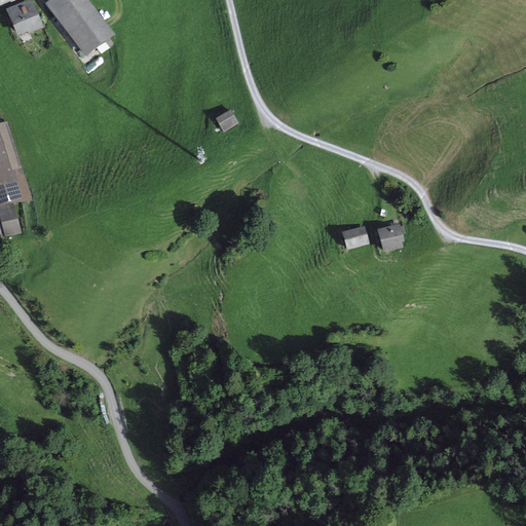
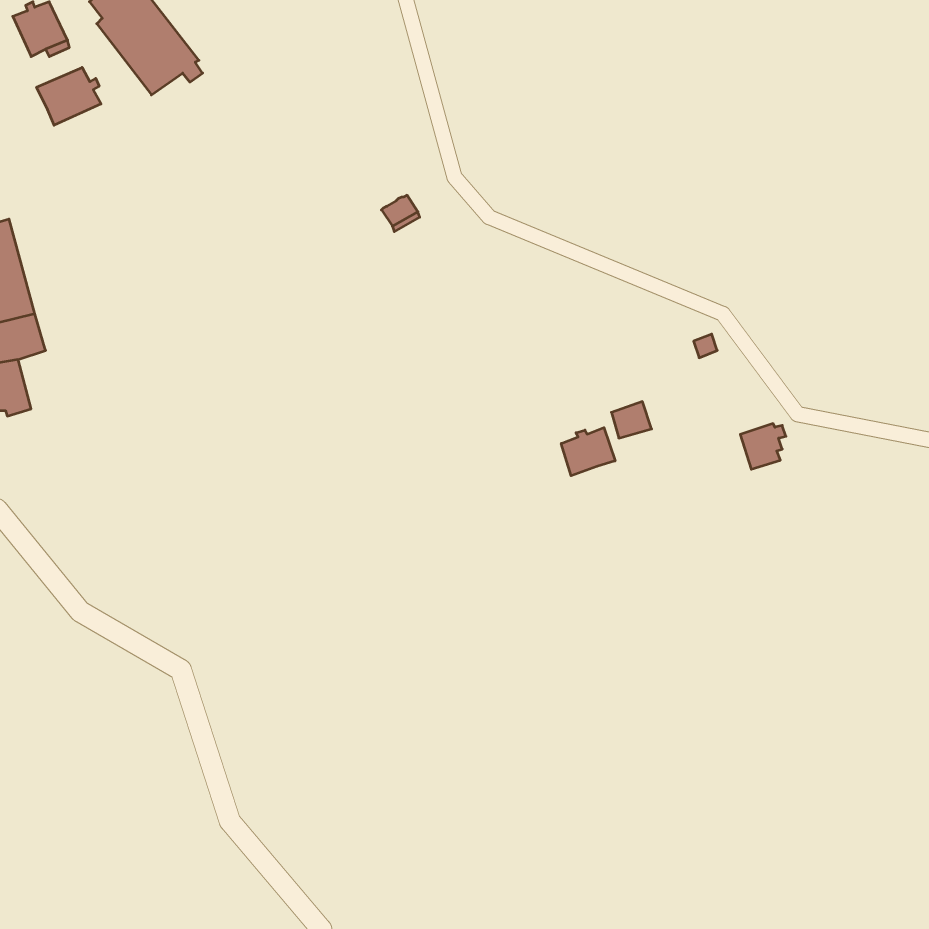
building: none -> [37,67,101,125]
building: [378,224,404,250] -> [740,424,786,469]
building: none -> [561,428,615,476]

